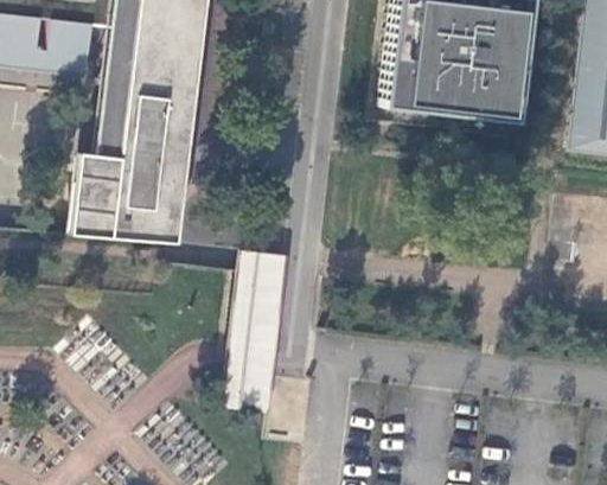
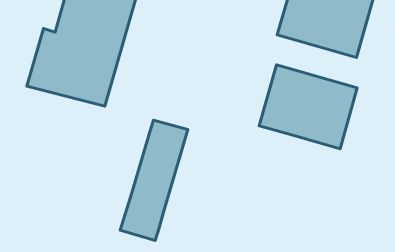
building: none -> [259,65,357,149]

